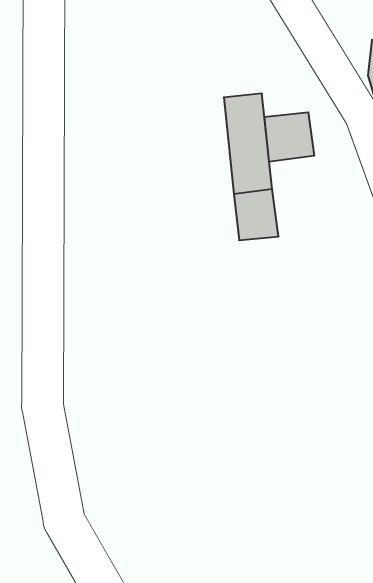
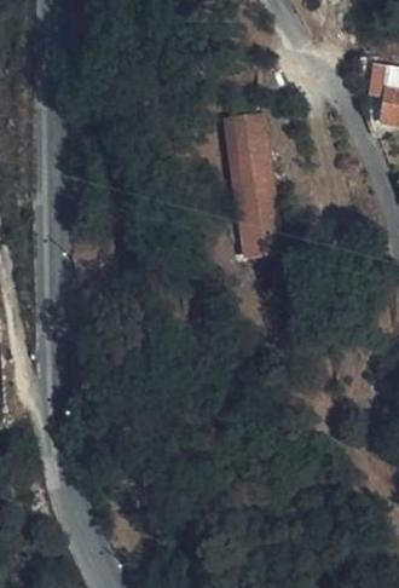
building: [265,112,314,162] -> none

